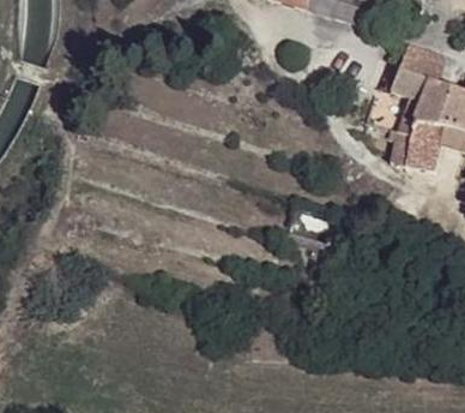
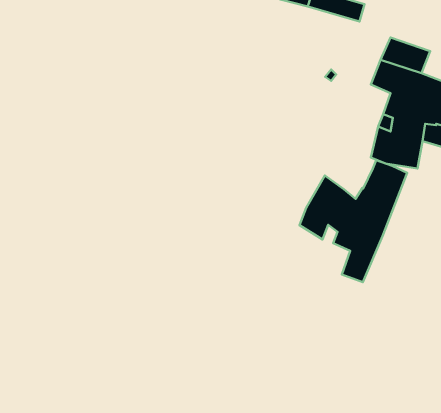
building: none -> [300,160,407,282]

